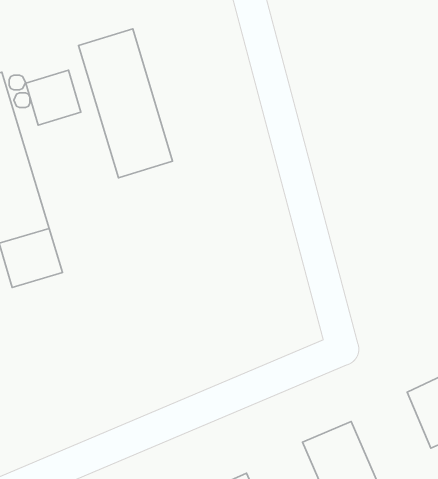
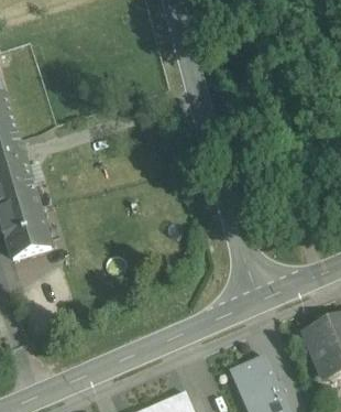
building: [79,29,173,178] -> none
building: [26,70,81,125] -> none

